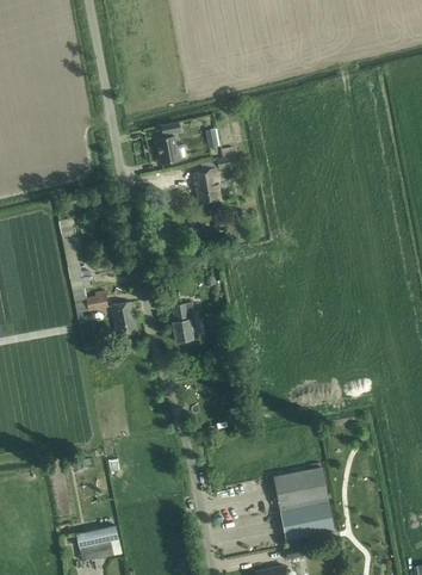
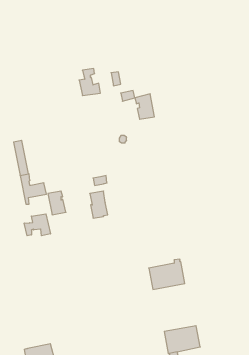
building: [192,167,221,204] -> [135,94,154,119]
building: none -> [24,214,50,236]
building: [274,463,327,507] -> [149,259,185,289]

